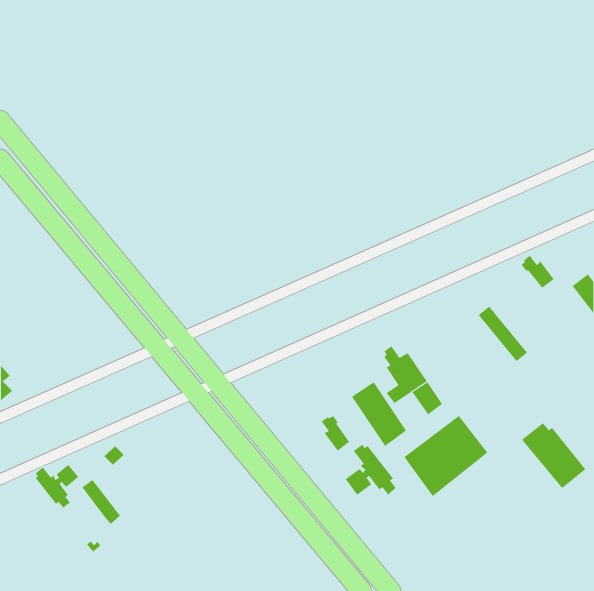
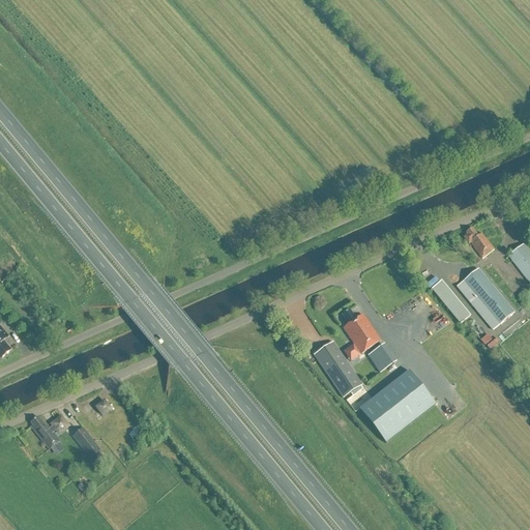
building: [321,415,350,452] -> none
building: [521,423,586,489] -> [457,269,514,328]
building: [345,444,396,496] -> none

